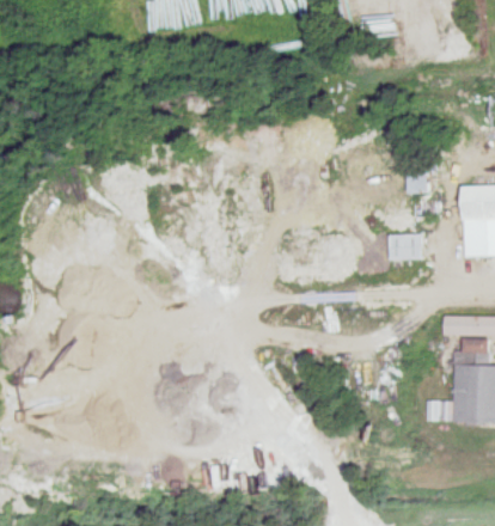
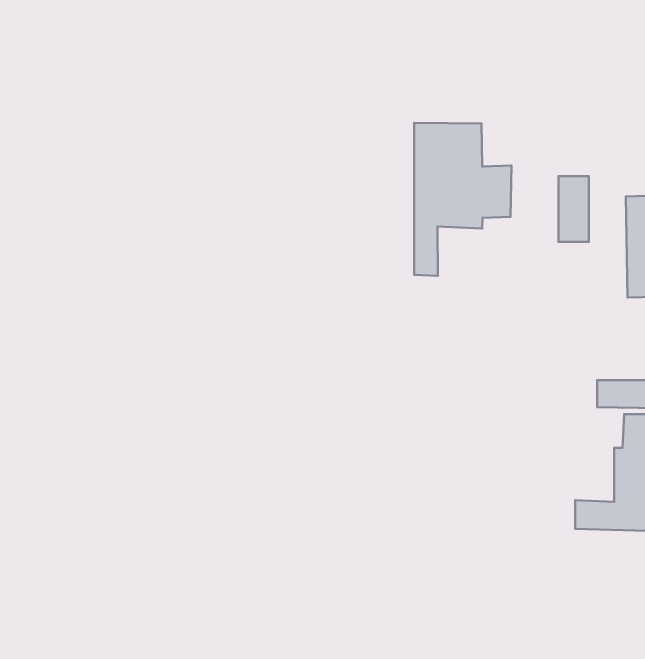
building: none -> [414,123,512,276]
building: [393,234,420,258] -> none

